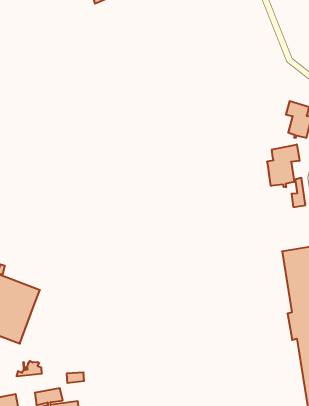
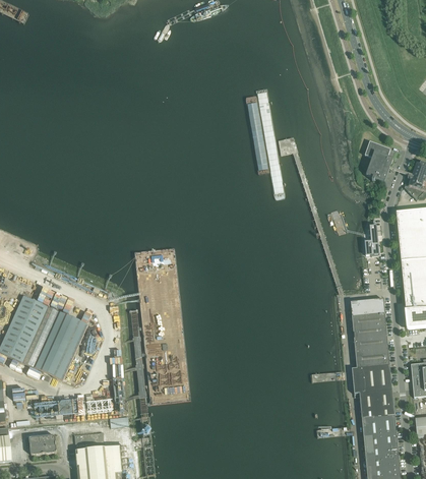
building: [267,144,299,187] -> none

